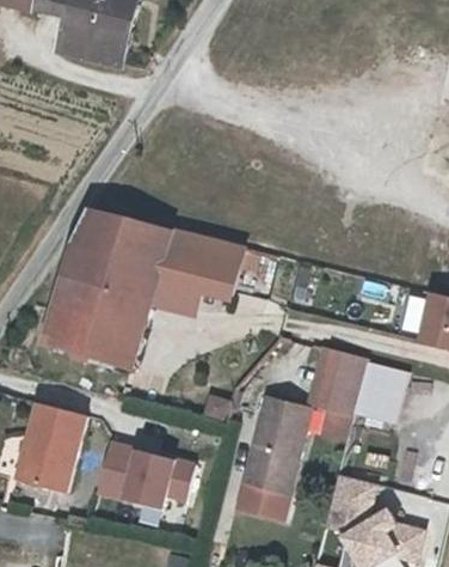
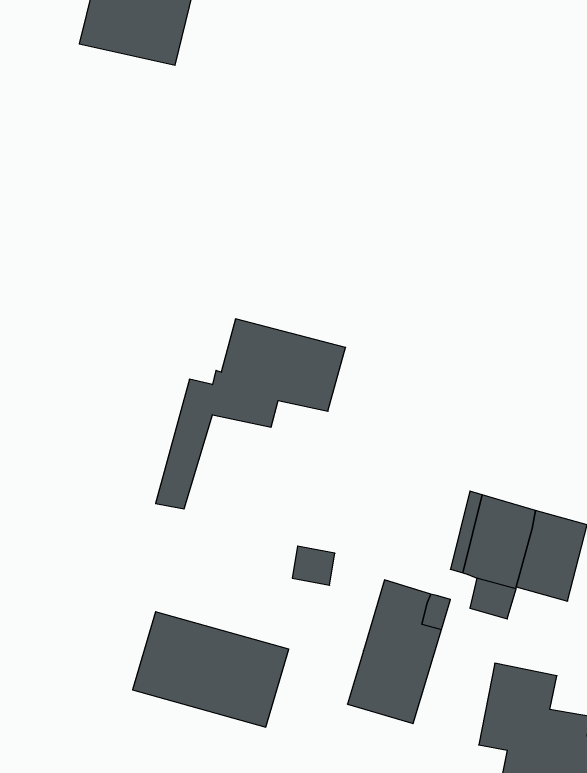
building: [48,217,165,361] -> none
building: [23,414,88,505] -> none

